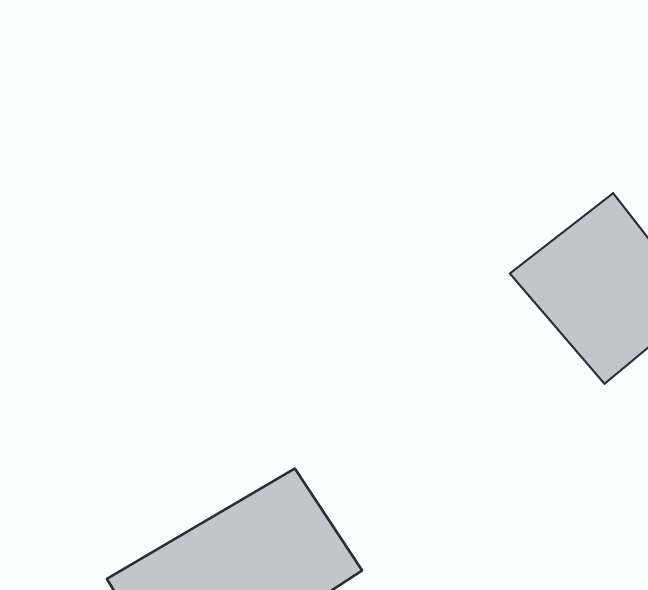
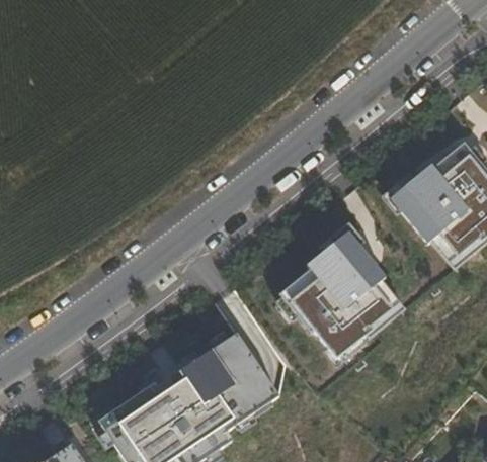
building: none -> [271,236,407,370]

